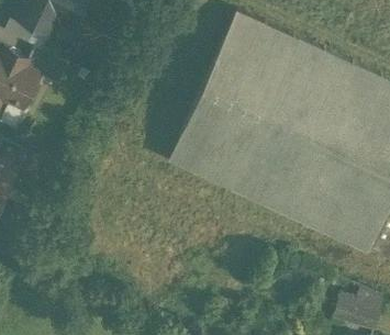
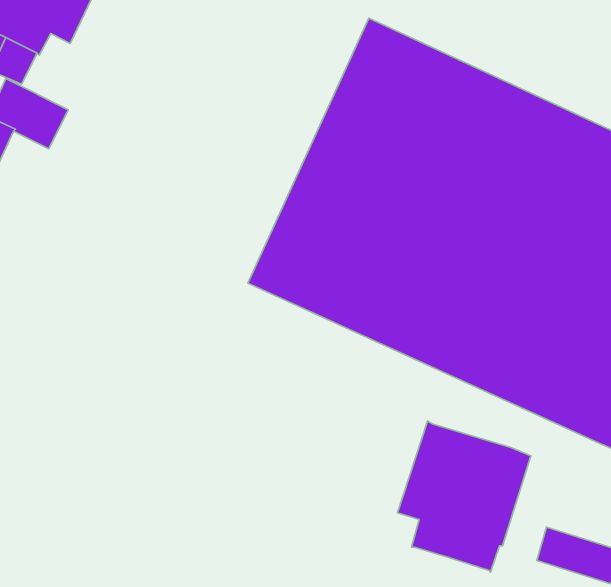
building: none -> [398,421,531,572]

